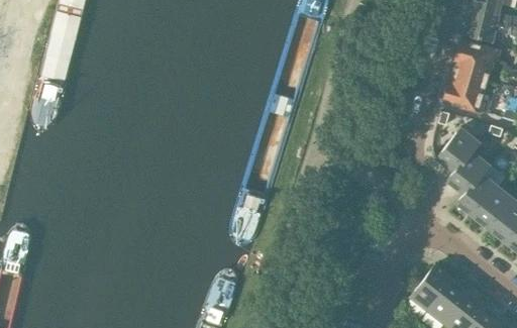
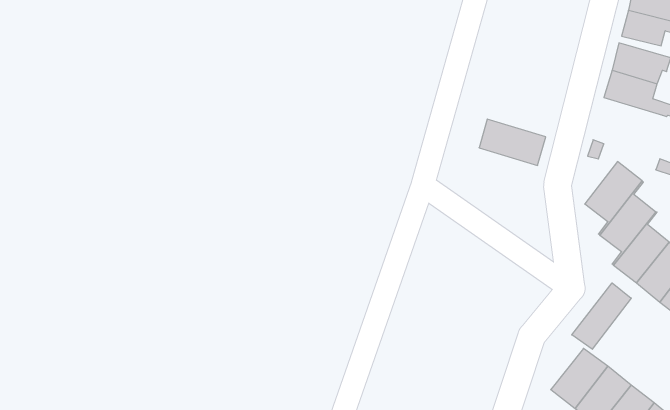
building: [445,81,495,115] -> [479,119,546,165]
building: none -> [572,283,631,349]

